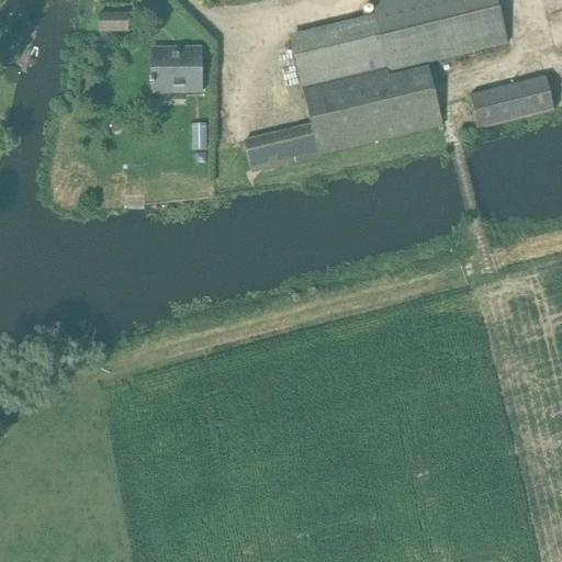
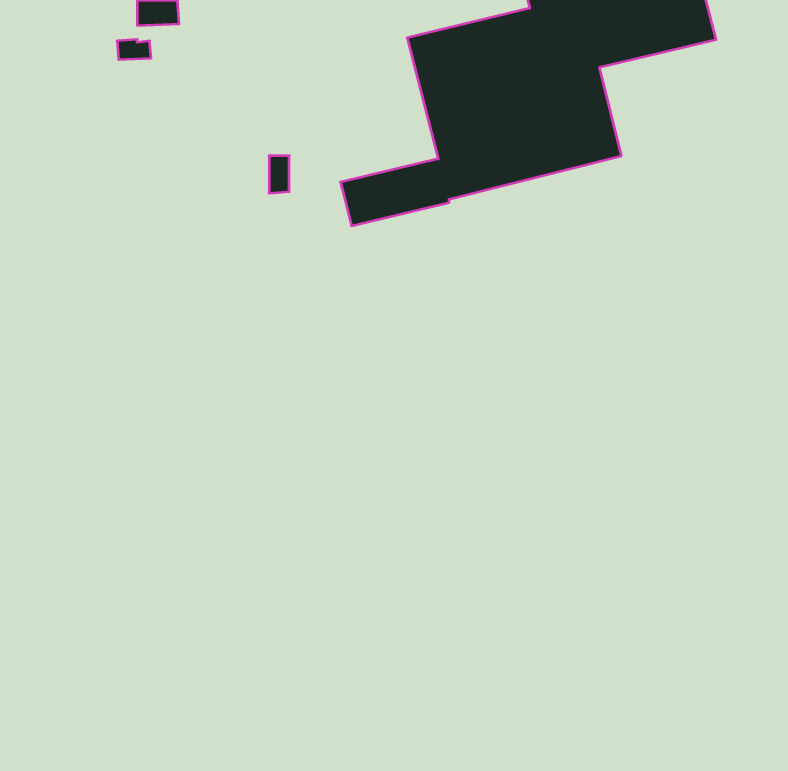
building: [153,47,202,98] -> none
building: [469,75,554,128] -> none

